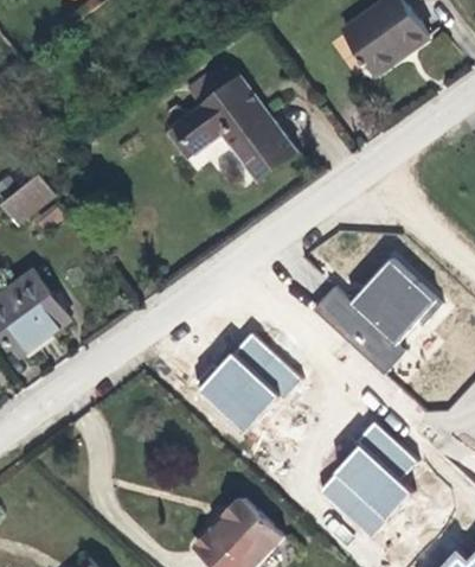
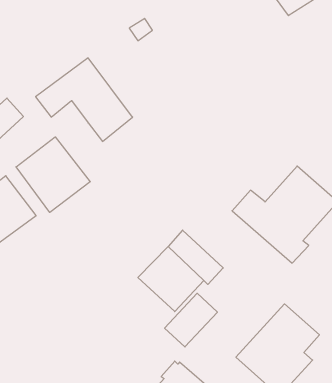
building: [179,76,297,178] -> [36,58,133,141]
building: none -> [16,137,90,212]
building: none -> [165,293,217,347]

